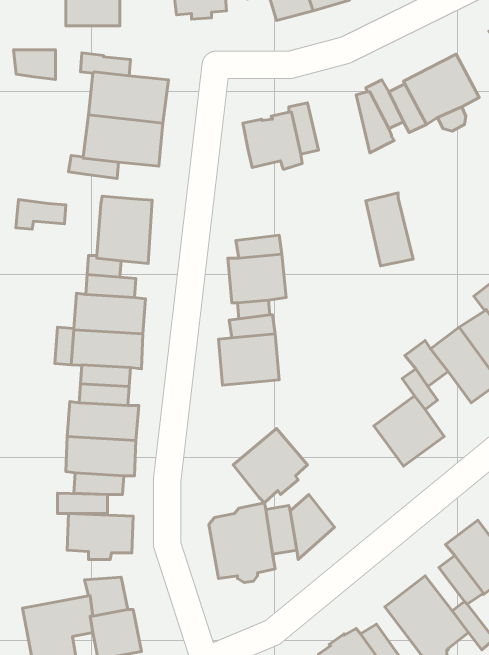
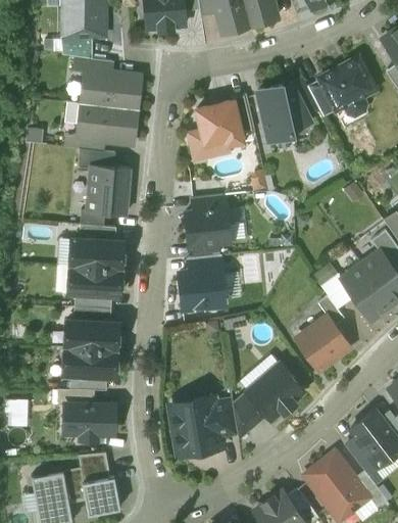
building: [13,50,55,80] -> [60,36,92,58]
building: none -> [188,130,231,160]
building: [366,193,413,266] -> [258,84,294,139]
building: [16,199,66,229] -> [78,148,115,171]
building: [233,428,308,503] -> [247,363,303,419]

